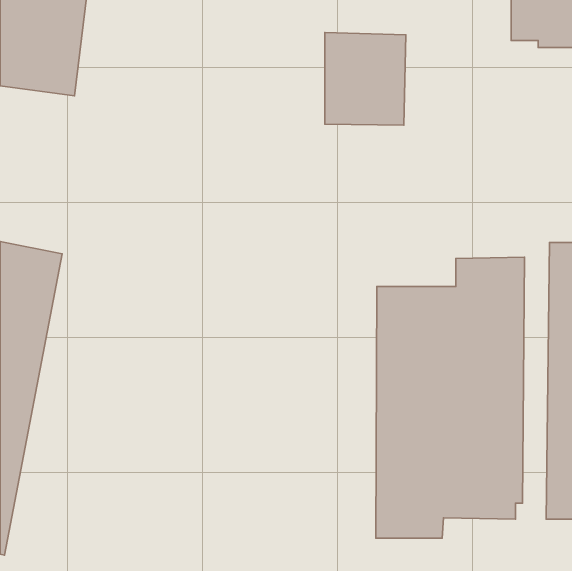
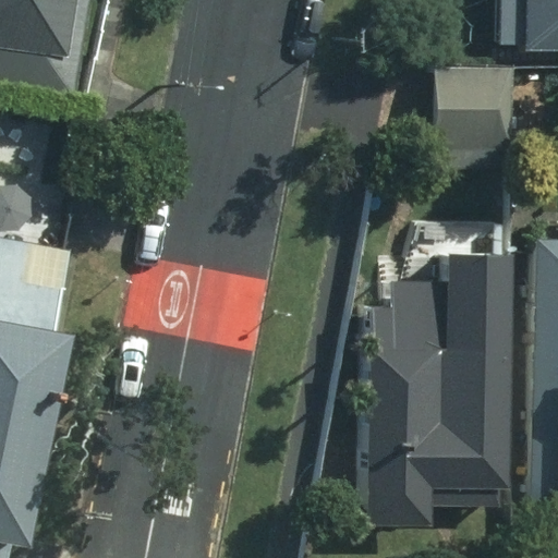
building: [325,33,406,125] -> [435,75,513,165]

